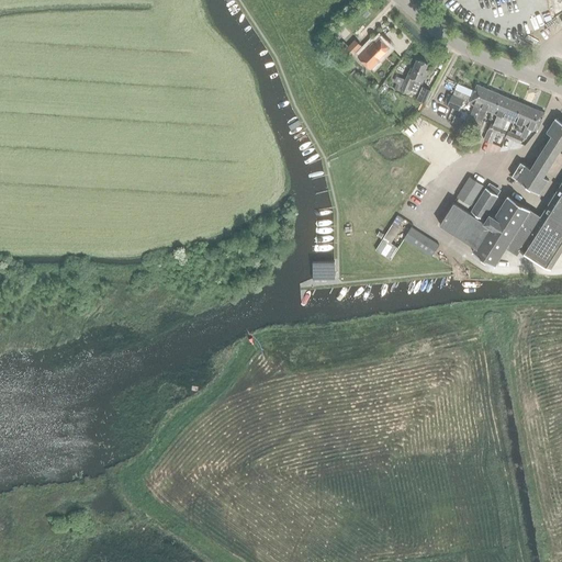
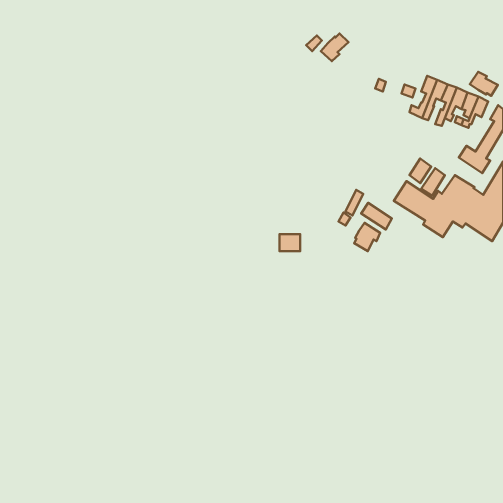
building: [402,59,427,92] -> none
building: none -> [470,72,498,96]
building: none -> [354,223,380,251]

